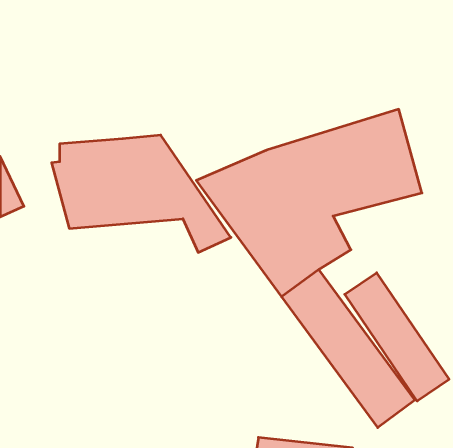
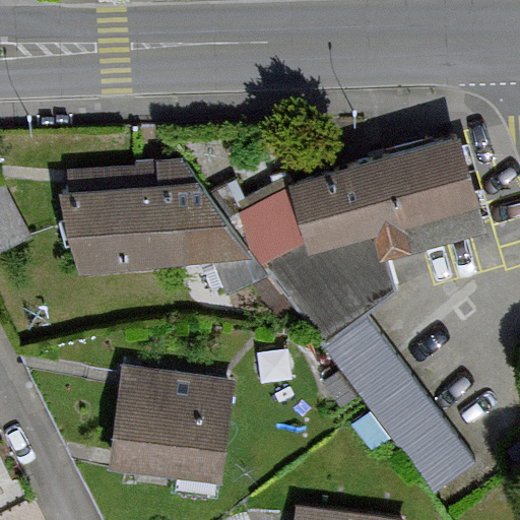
building: [345,273,449,401] -> none
building: none -> [113,368,232,478]

